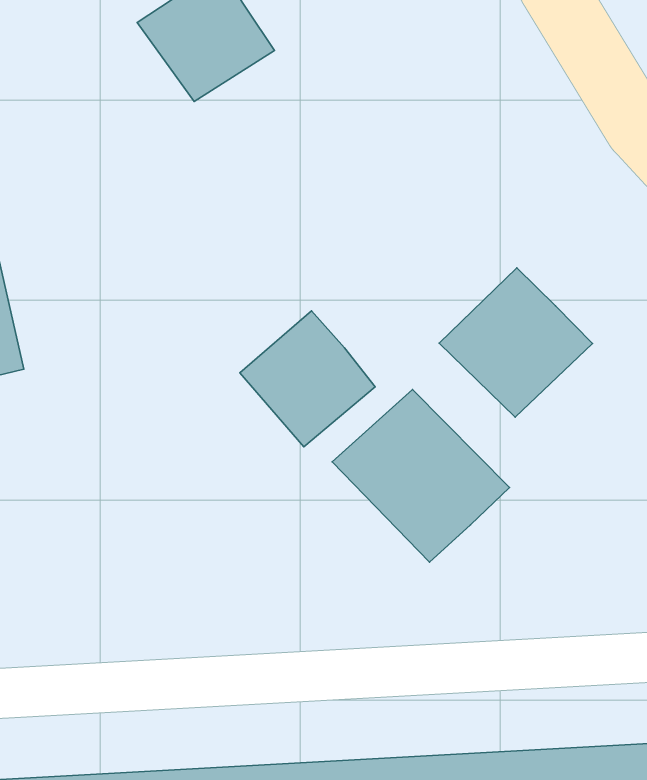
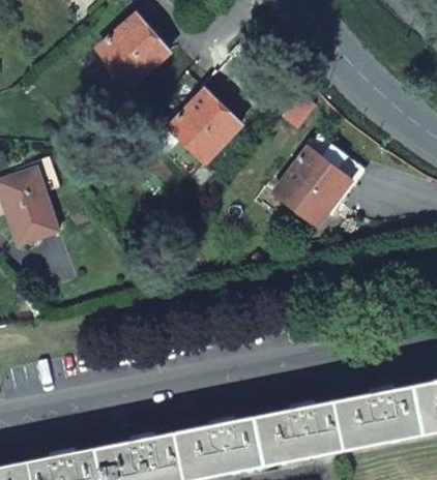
building: [240,311,375,447] -> [169,93,239,163]
building: [332,389,509,562] -> none

